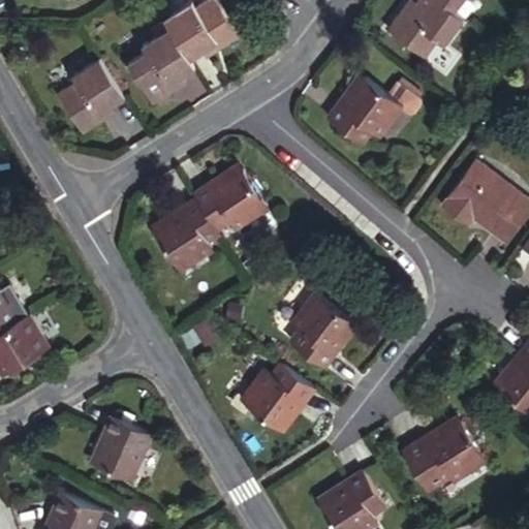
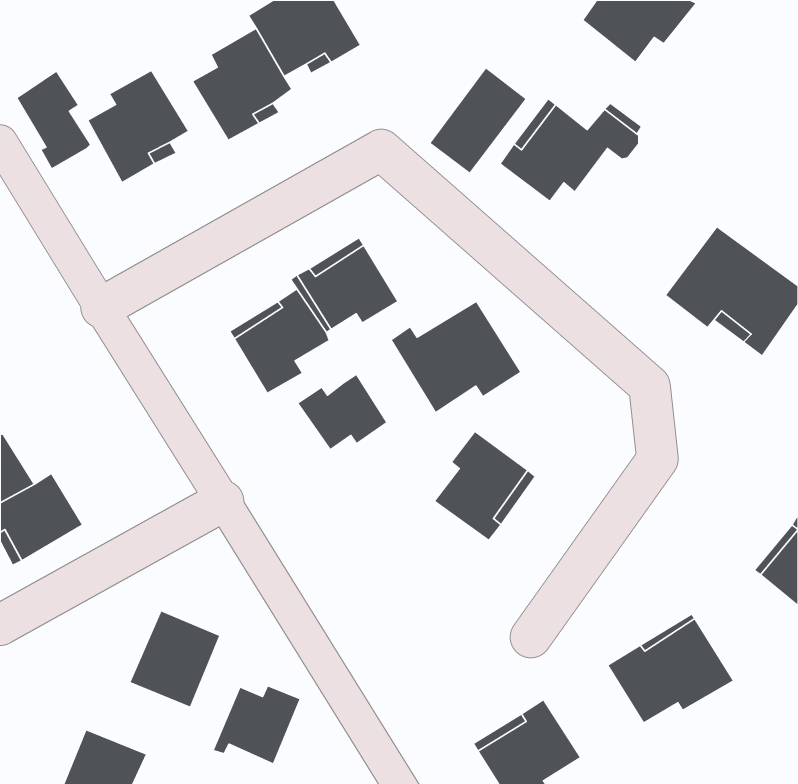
building: none -> [429,67,527,173]
building: none -> [16,71,91,169]
building: none -> [391,301,521,413]
building: none -> [298,374,387,450]
building: [243,361,315,430] -> none
building: none -> [213,685,300,764]

